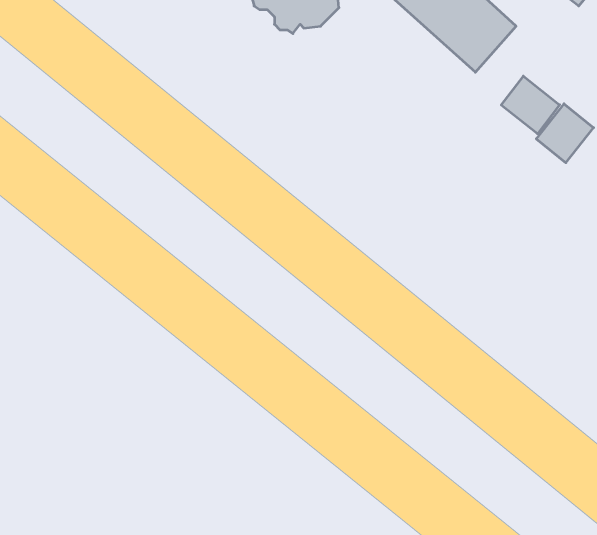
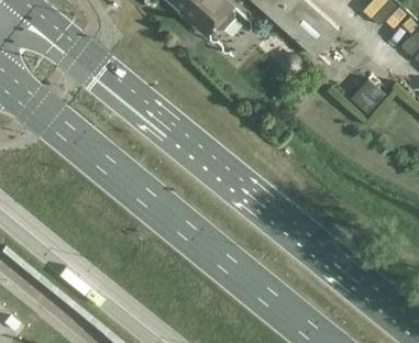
building: [501,76,560,134] -> none

